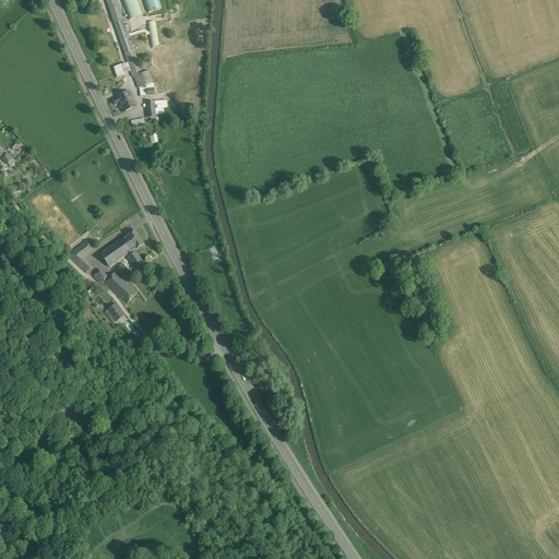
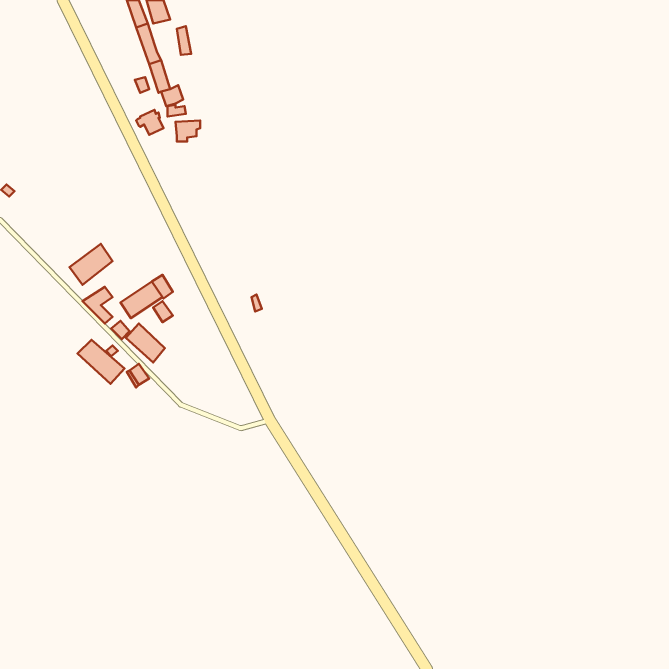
building: none -> [69,244,113,285]
building: none -> [77,340,125,384]

